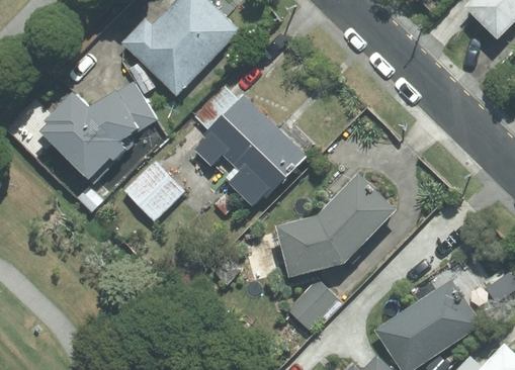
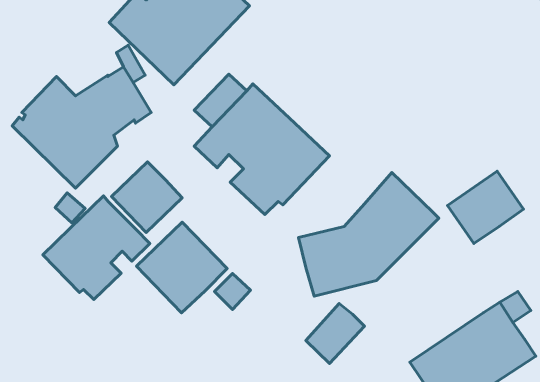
building: none -> [447,171,523,244]
building: none -> [43,196,150,300]
building: none -> [137,222,227,313]

